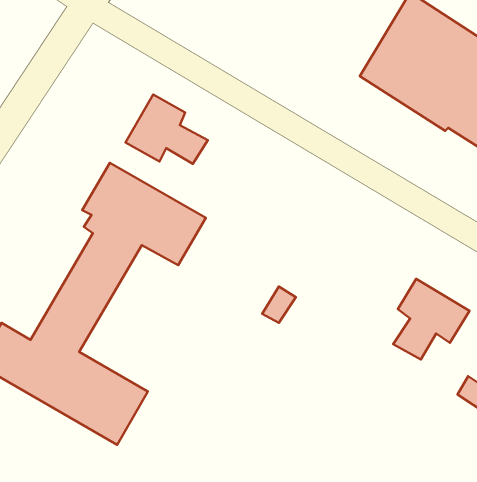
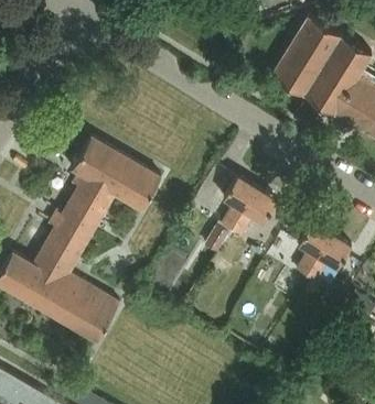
building: [126,94,208,164] -> none
building: none -> [221,176,276,236]

